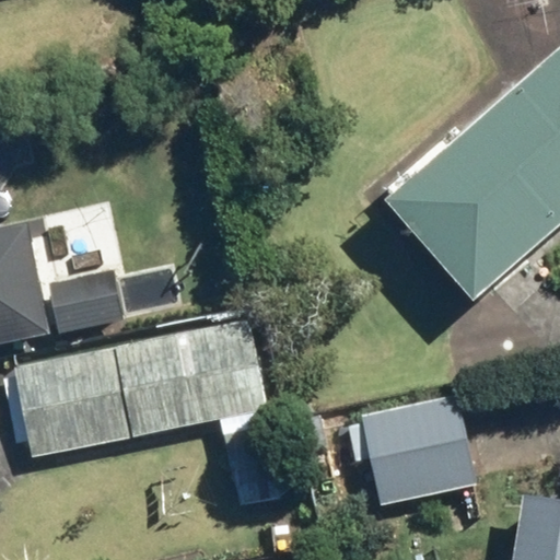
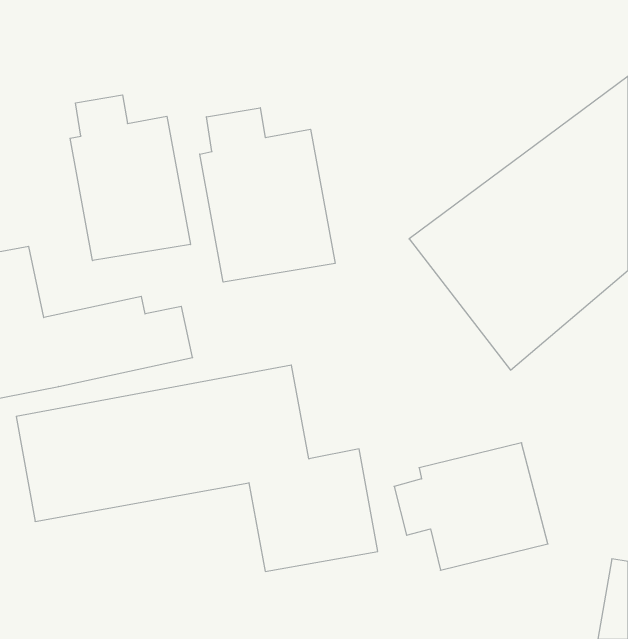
building: none -> [70,95,190,261]
building: none -> [200,108,335,282]

